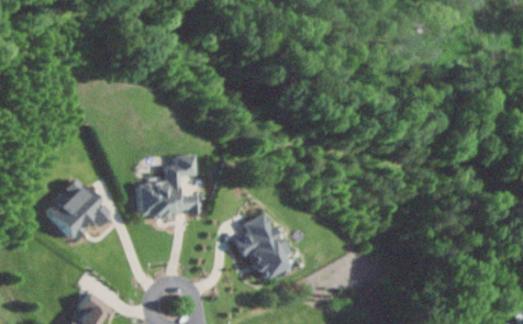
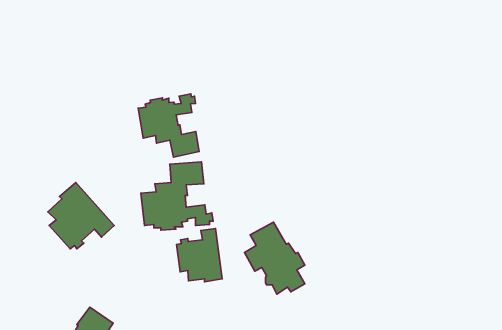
building: none -> [138,94,199,157]
building: none -> [177,229,222,282]

